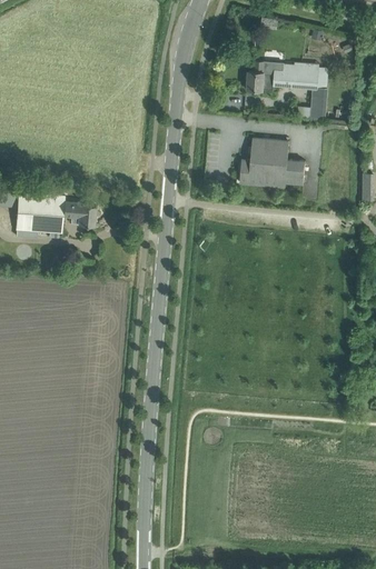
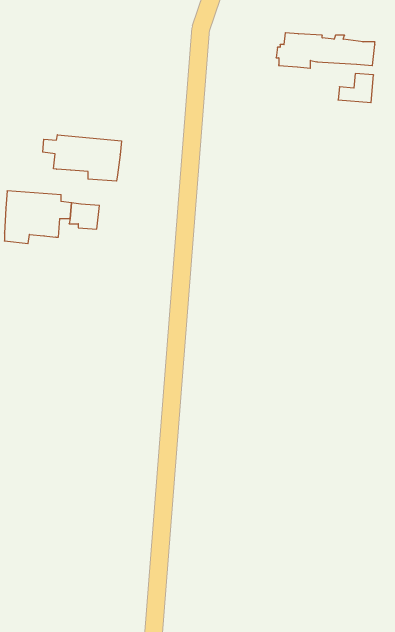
building: [239,138,305,188] -> none
building: none -> [43,135,121,181]

